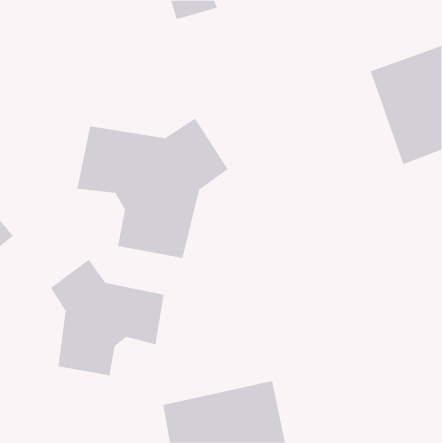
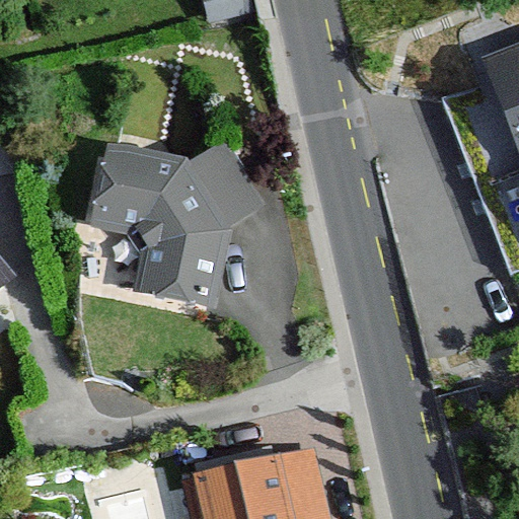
building: [50,259,164,376] -> none

